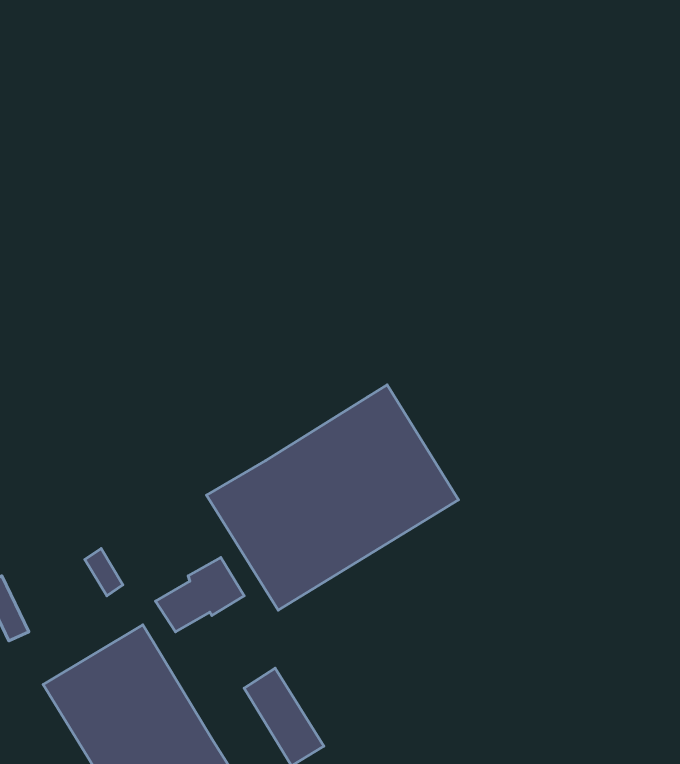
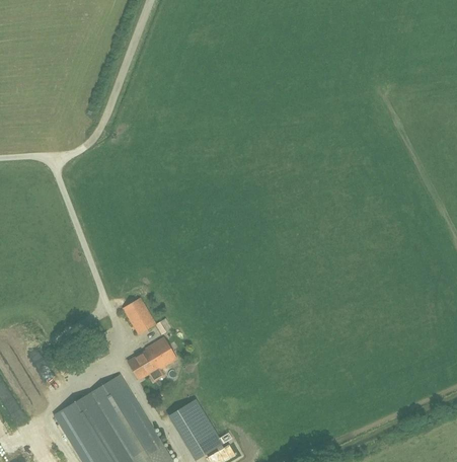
building: [207,385,459,610] -> none
building: none -> [121,298,154,335]

